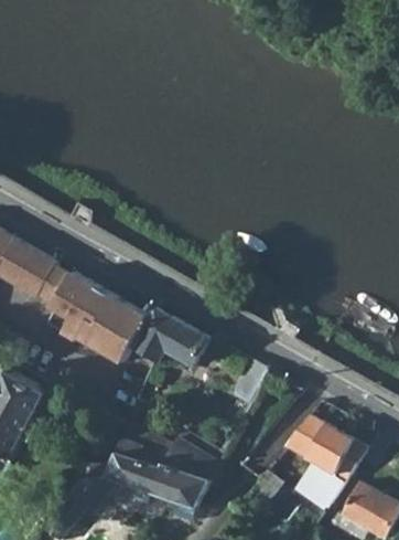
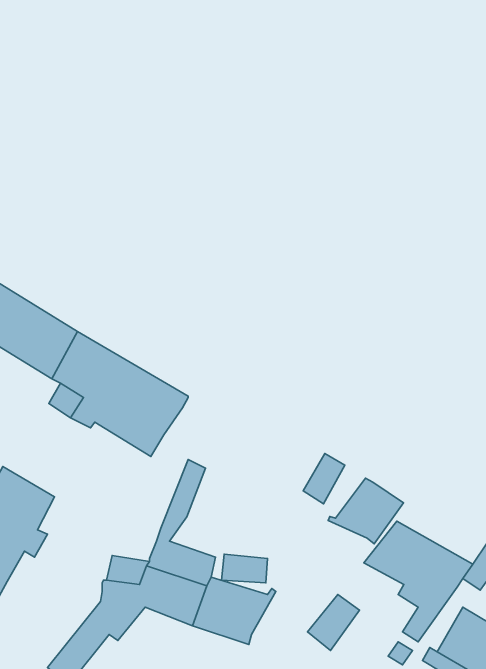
building: [130,309,208,366] -> none
building: none -> [328,478,403,544]

